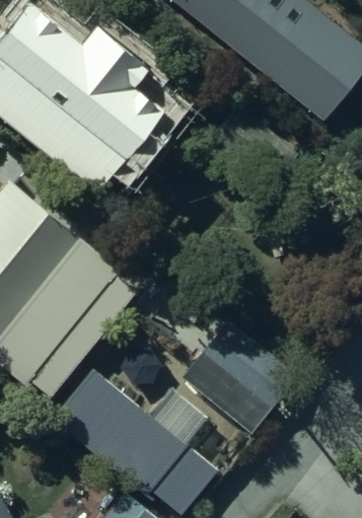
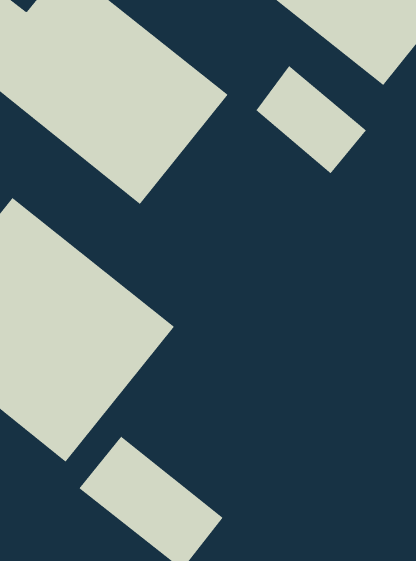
building: [177,304,293,418] -> none

